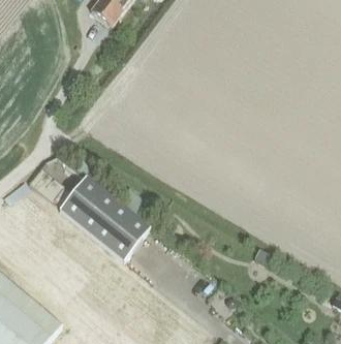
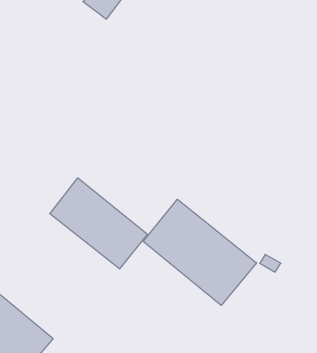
building: none -> [143,199,257,305]

